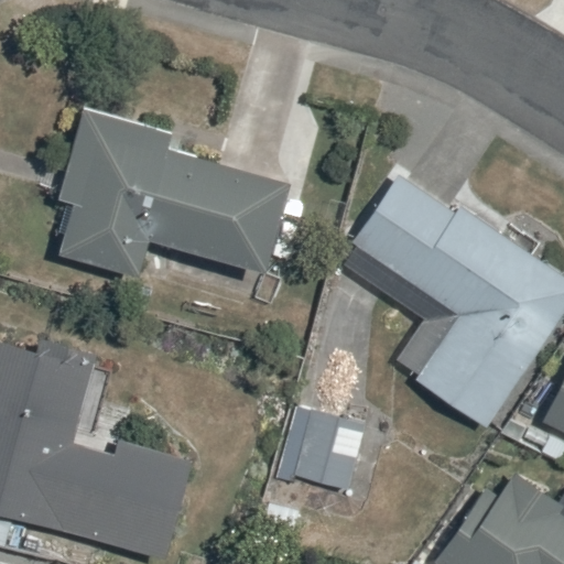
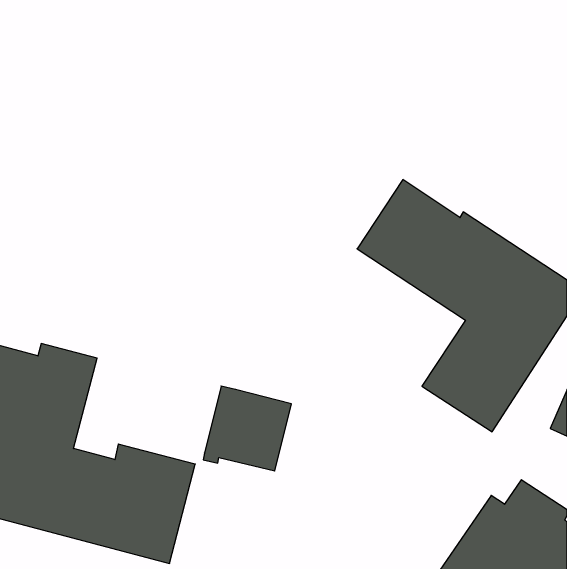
building: [57,109,291,276] -> none
building: [276,406,364,490] -> [203,386,291,471]

